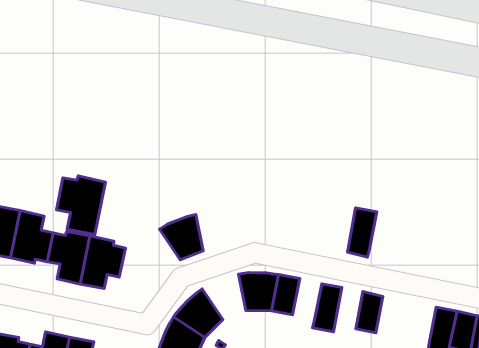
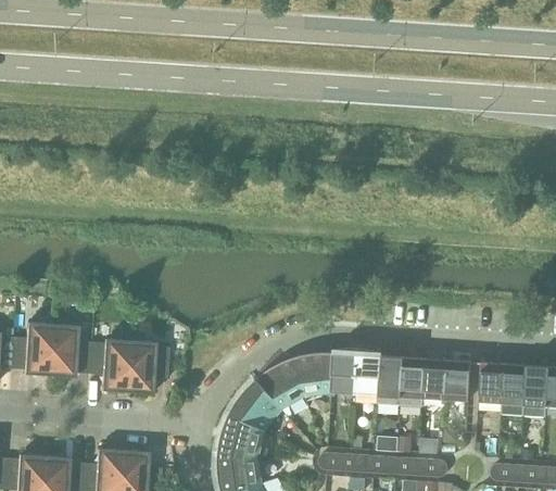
building: [56,176,106,234] -> none
building: [347,208,377,257] -> [400,357,425,407]
building: [160,215,203,260] -> [255,358,304,408]
building: none -> [354,354,380,395]
building: none -> [444,361,470,401]
building: none -> [479,363,504,403]

